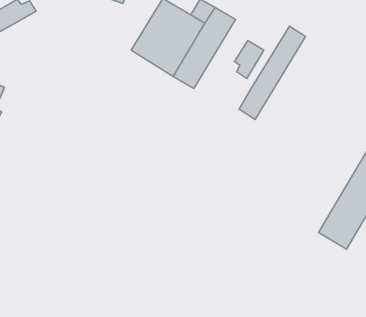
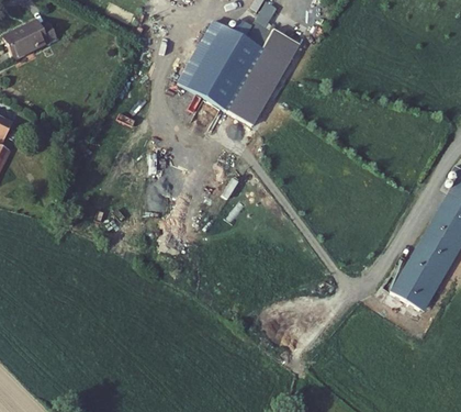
building: [239,26,306,119] -> none
building: [234,40,264,78] -> none

